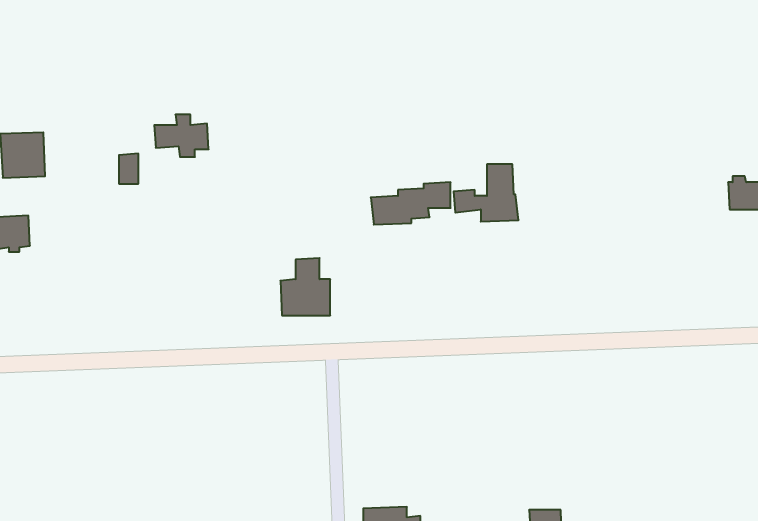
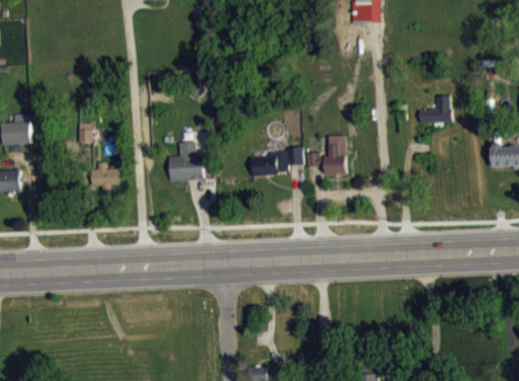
building: none -> [419,95,451,127]
building: [154,115,209,157] -> [82,161,119,189]
building: [280,258,330,315] -> [168,141,202,179]

